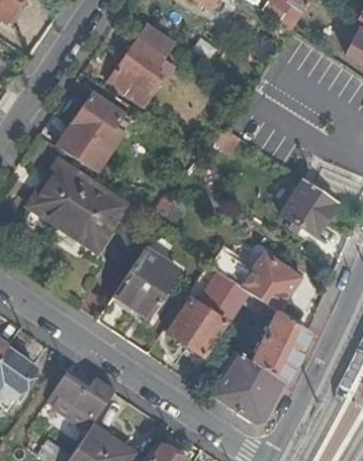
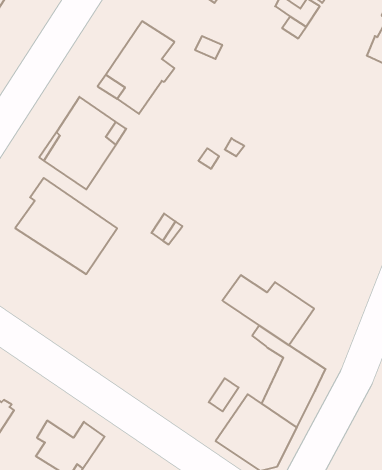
building: [280,180,337,236] -> none
building: [113,248,179,316] -> none
building: [167,271,250,360] -> none

